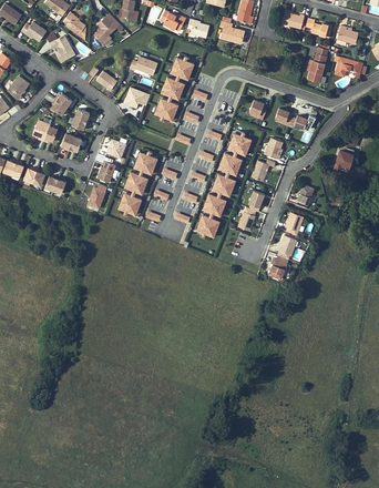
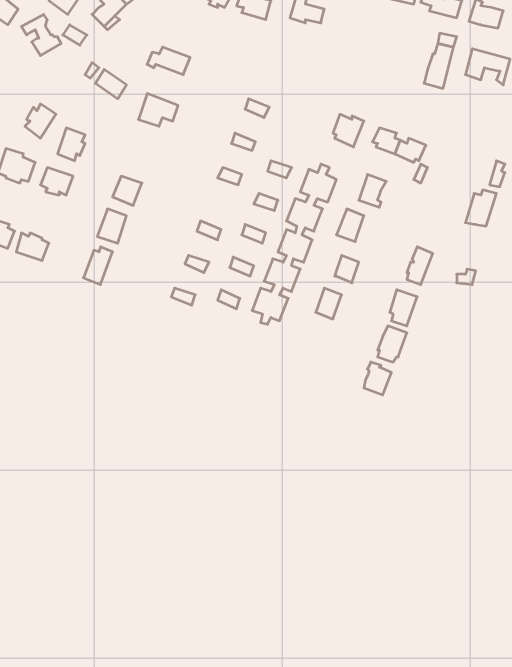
building: [154,52,192,118] -> none
building: [120,151,156,215] -> none

